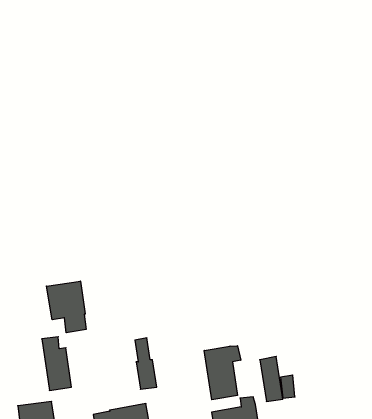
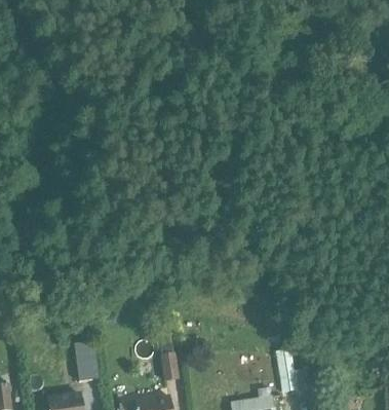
building: [46,281,86,333] -> none
building: [204,346,241,400] -> none

